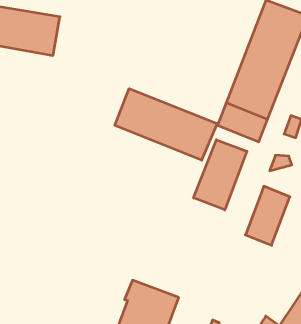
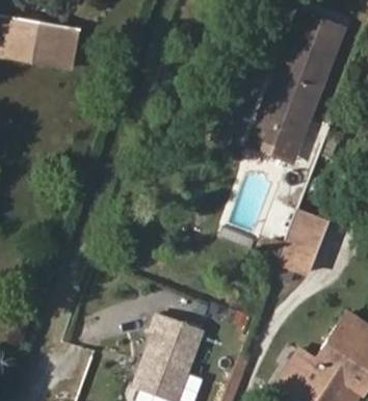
building: [115,89,217,160] -> none
building: [194,140,247,210] -> none

